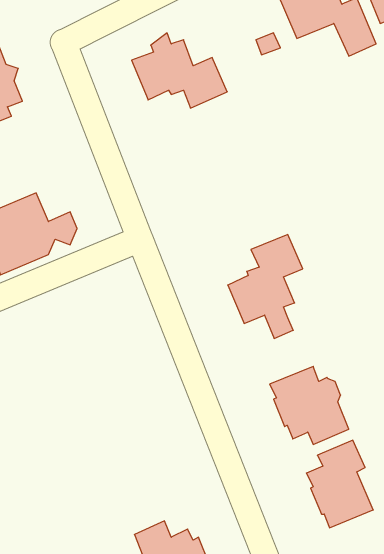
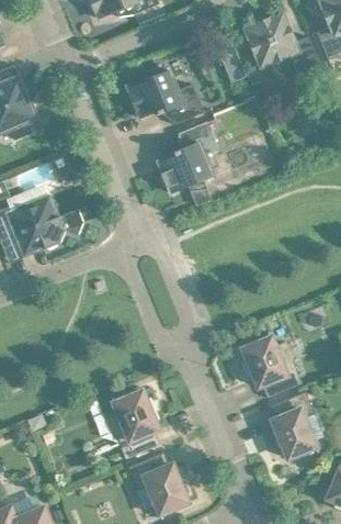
building: [228,235,303,338] -> [158,121,218,204]
building: none -> [94,390,158,458]

